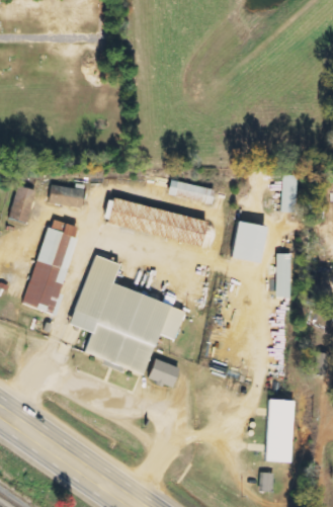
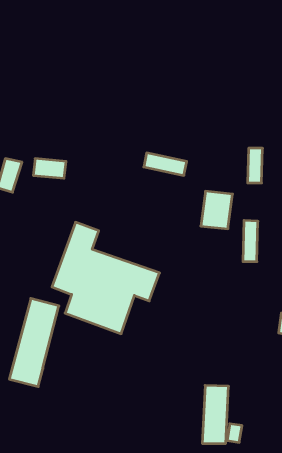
building: [103,197,206,246] -> none
building: [24,218,78,313] -> [9,298,59,387]
building: [147,358,178,387] -> none
building: [265,399,294,461] -> [202,385,229,443]

